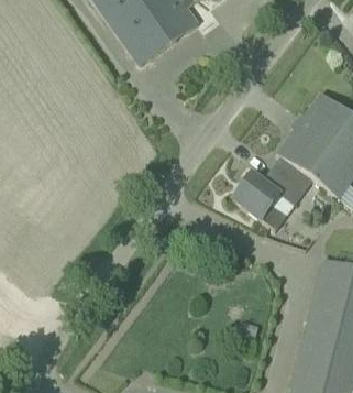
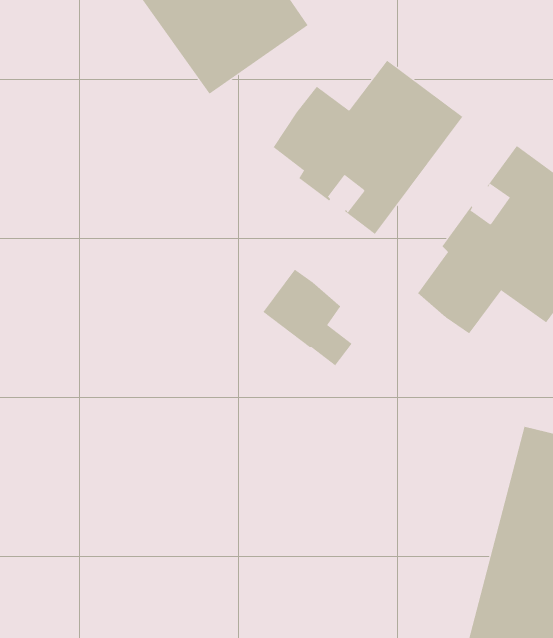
building: none -> [273,60,463,235]
building: [234,173,287,230] -> [263,269,352,366]

